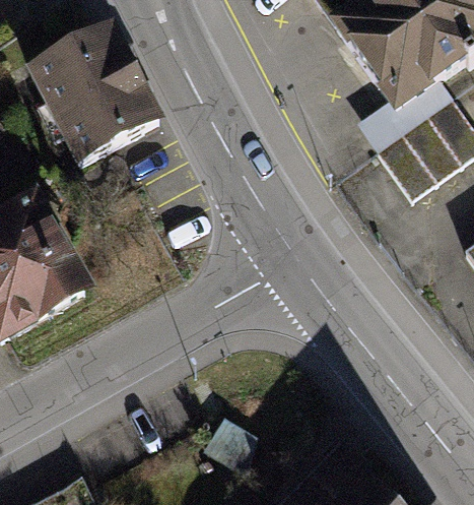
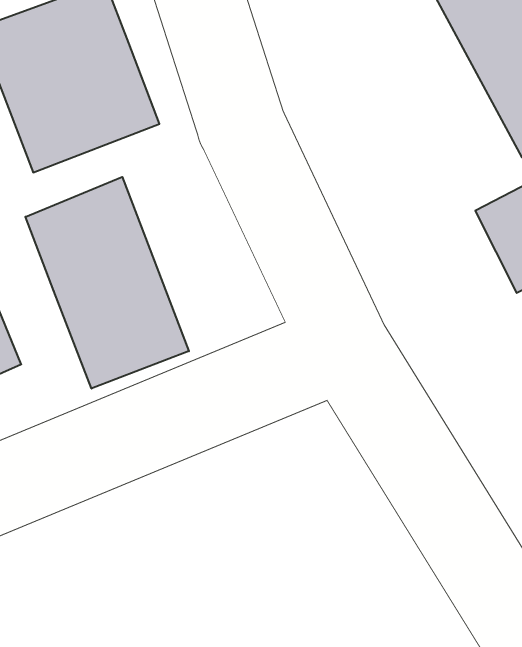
building: none -> [25,177,189,389]

